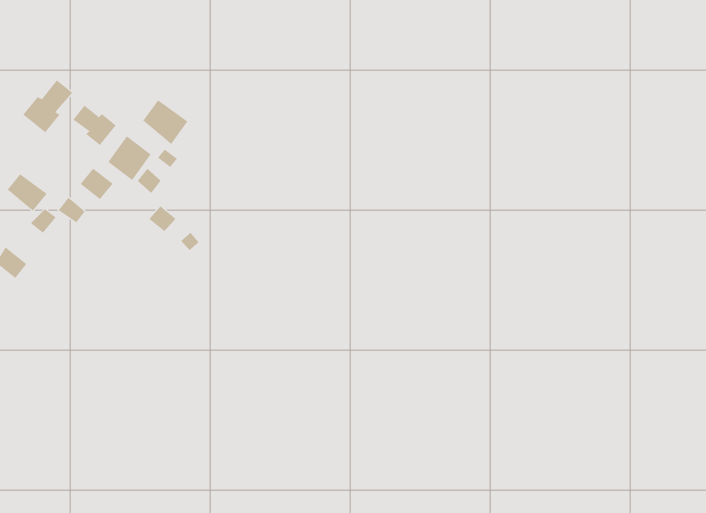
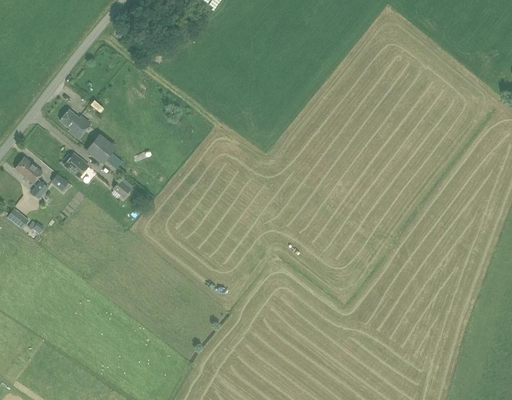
building: [23,80,73,133] -> none
building: [143,99,188,145] -> none

